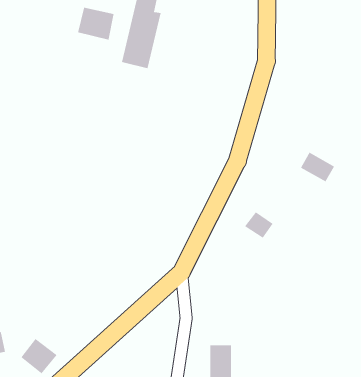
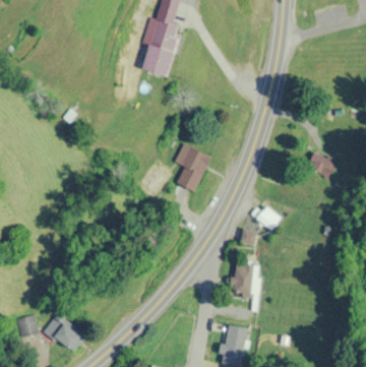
building: [78,7,114,40] -> none
building: none -> [175,143,210,191]
building: none -> [233,264,254,295]

